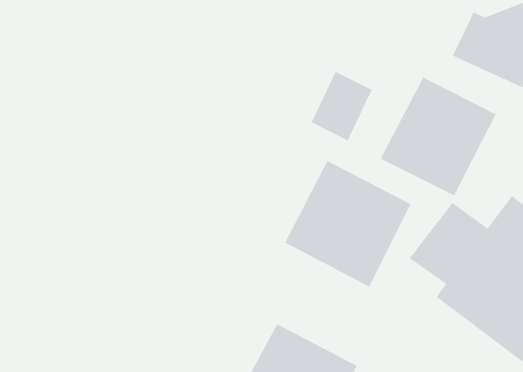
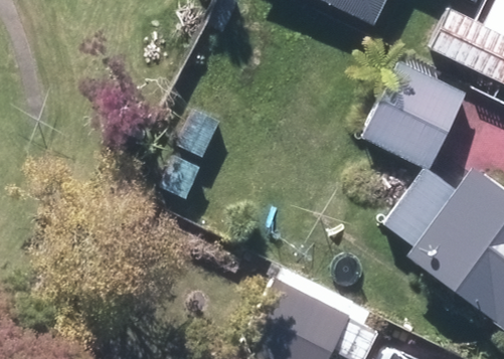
building: [285,160,411,287] -> none

